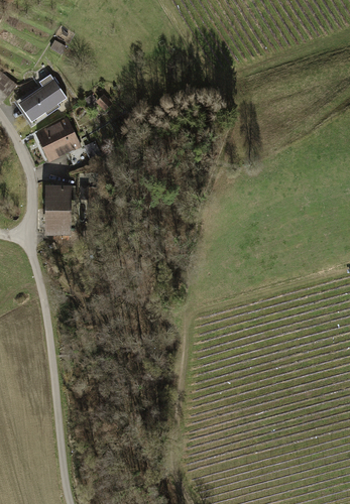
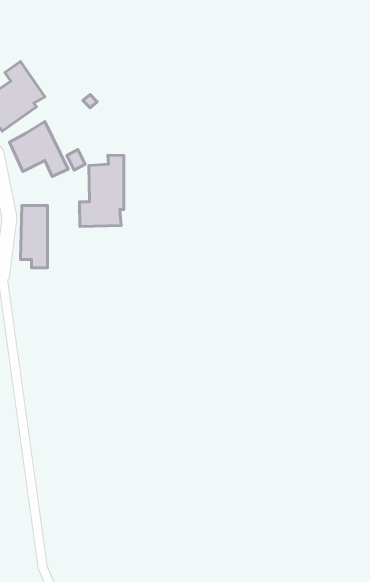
building: none -> [79,155,124,227]

